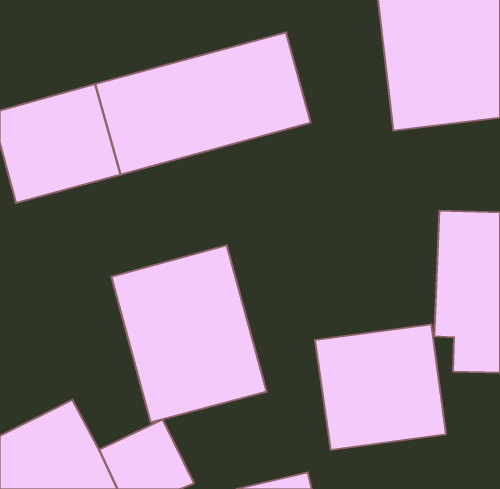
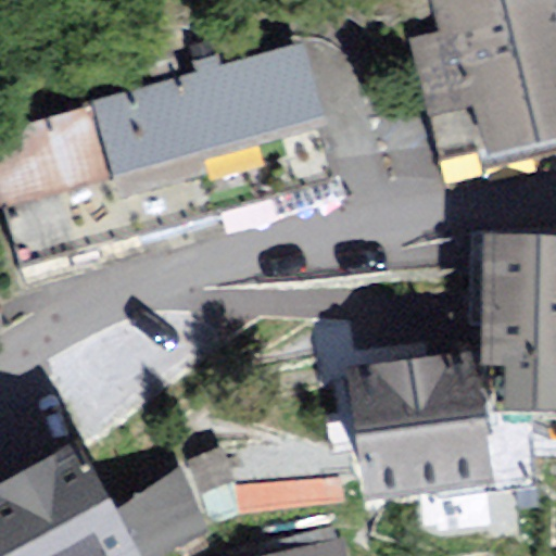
building: [112,245,267,423] -> none

